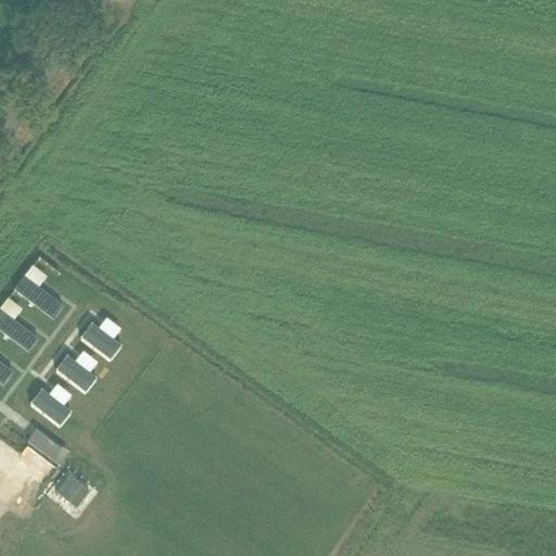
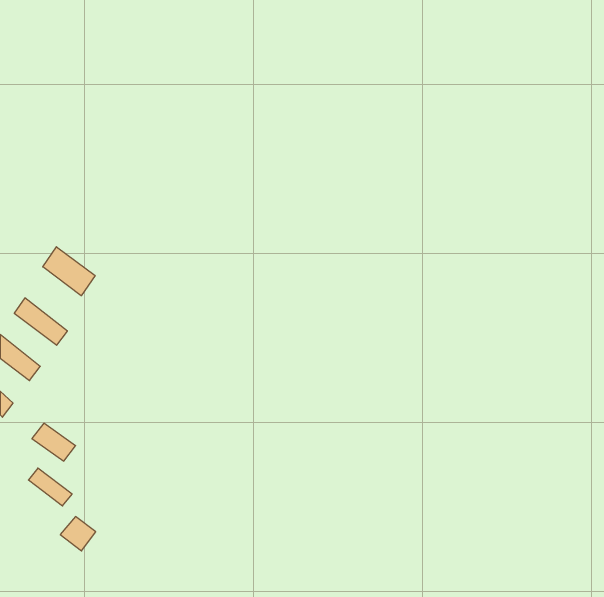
building: none -> [43,247,95,296]
building: [80,323,119,358] -> none
building: [55,355,94,390] -> none

